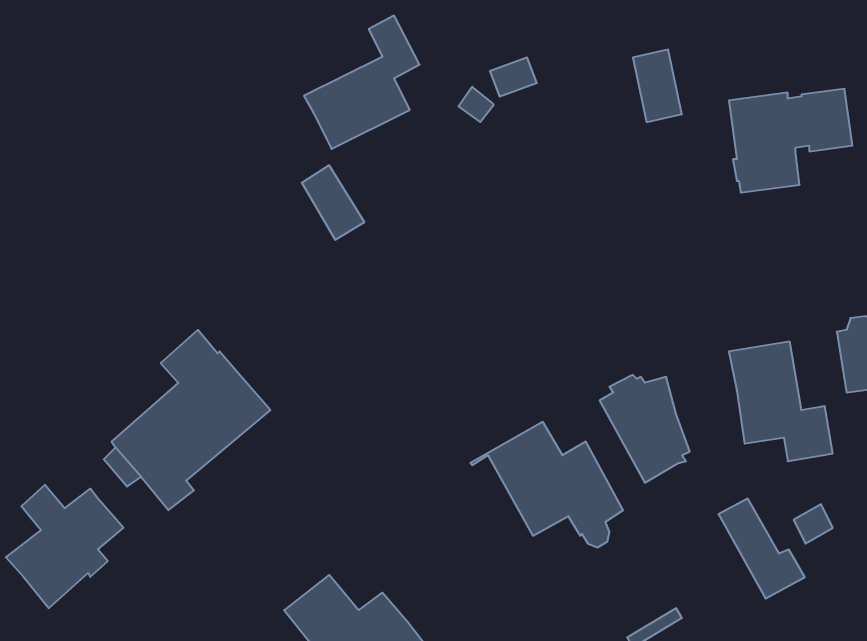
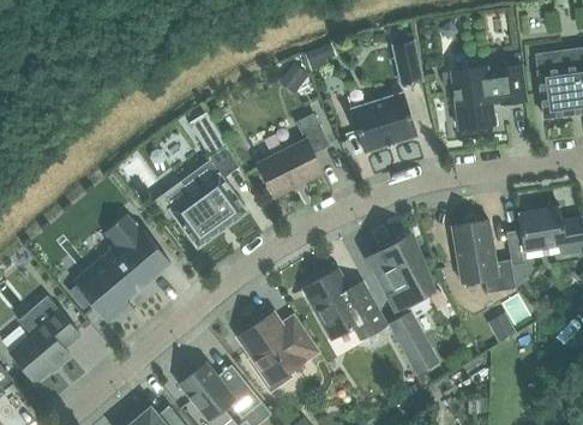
building: [304,16,420,149] -> [258,114,329,196]
building: none -> [350,92,416,151]
building: none -> [154,173,247,247]
building: none -> [238,316,317,383]
building: [718,499,805,599] -> [387,313,440,375]

